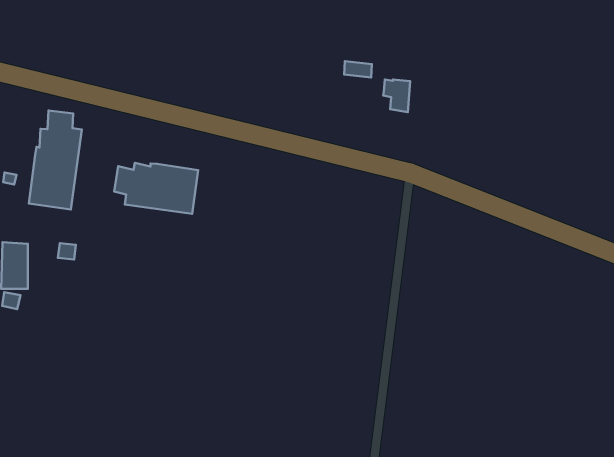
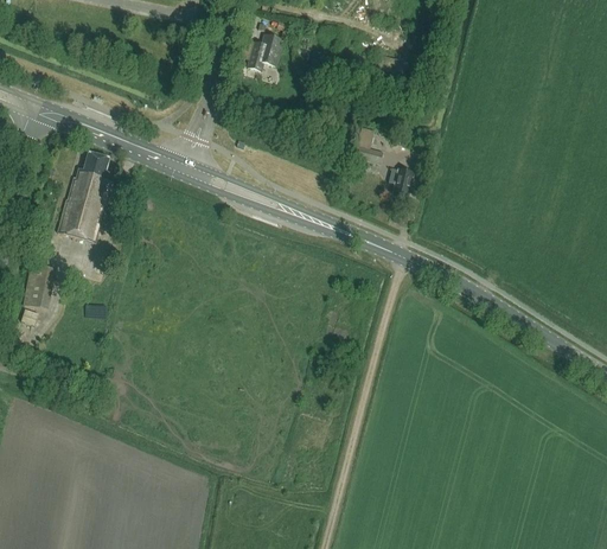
building: [114,163,198,214] -> none

